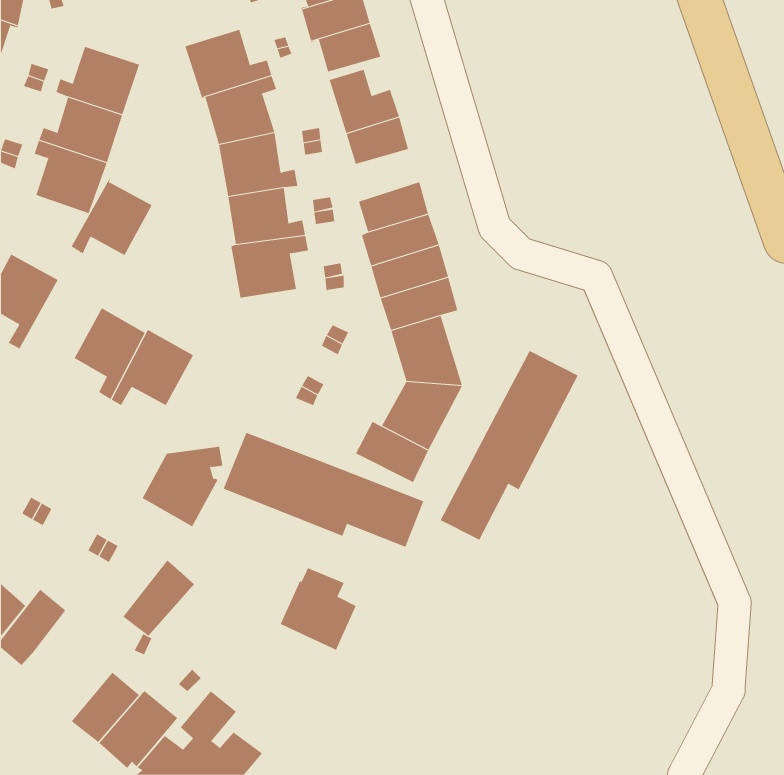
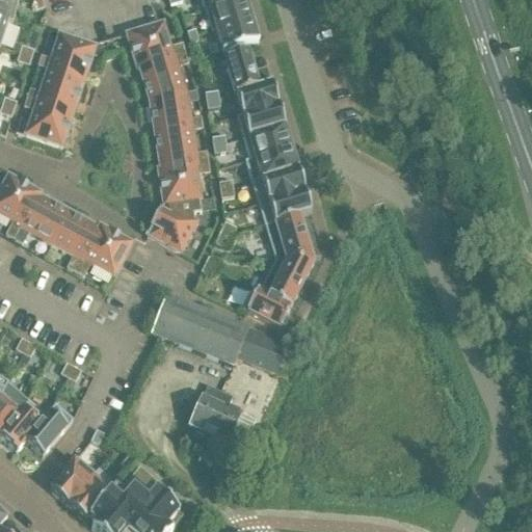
building: none -> [236,101,285,136]
building: [71,177,152,256] -> [15,189,70,242]
building: [440,350,579,541] -> none
building: [142,446,223,527] -> [147,196,202,251]
building: [122,559,195,636] -> [25,401,74,453]

